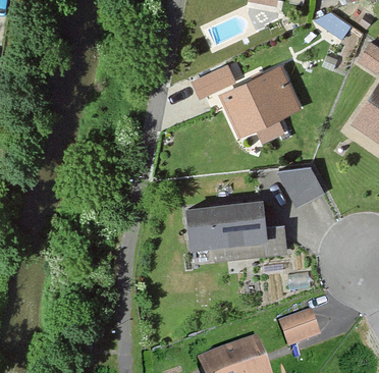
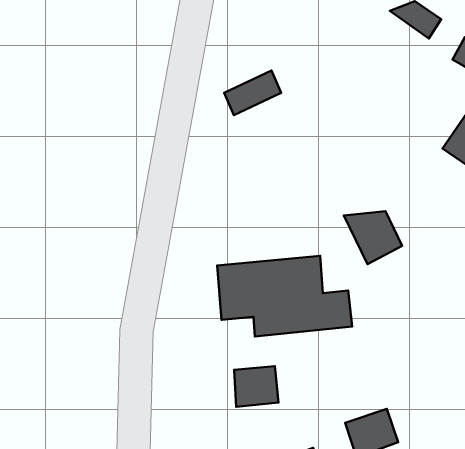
building: [219,65,302,137] -> none
building: none -> [234,366,278,407]

